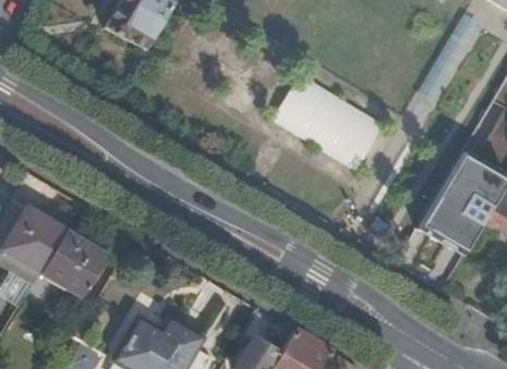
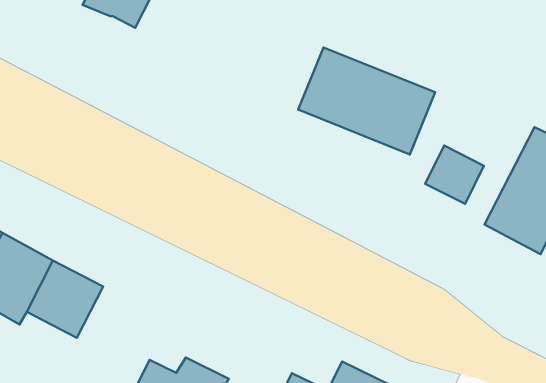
building: none -> [425,146,484,204]

